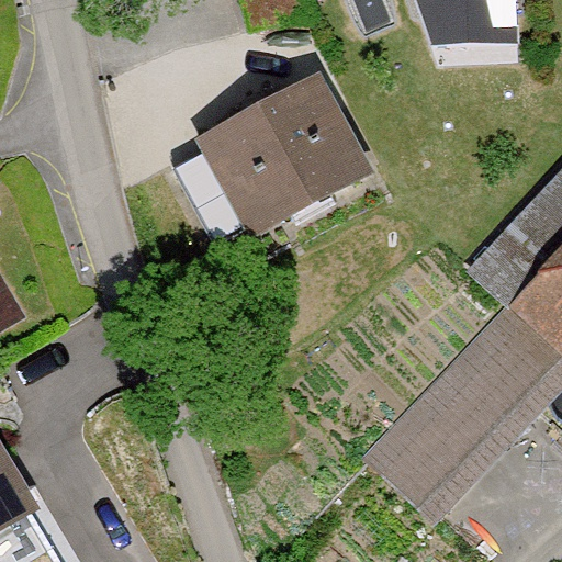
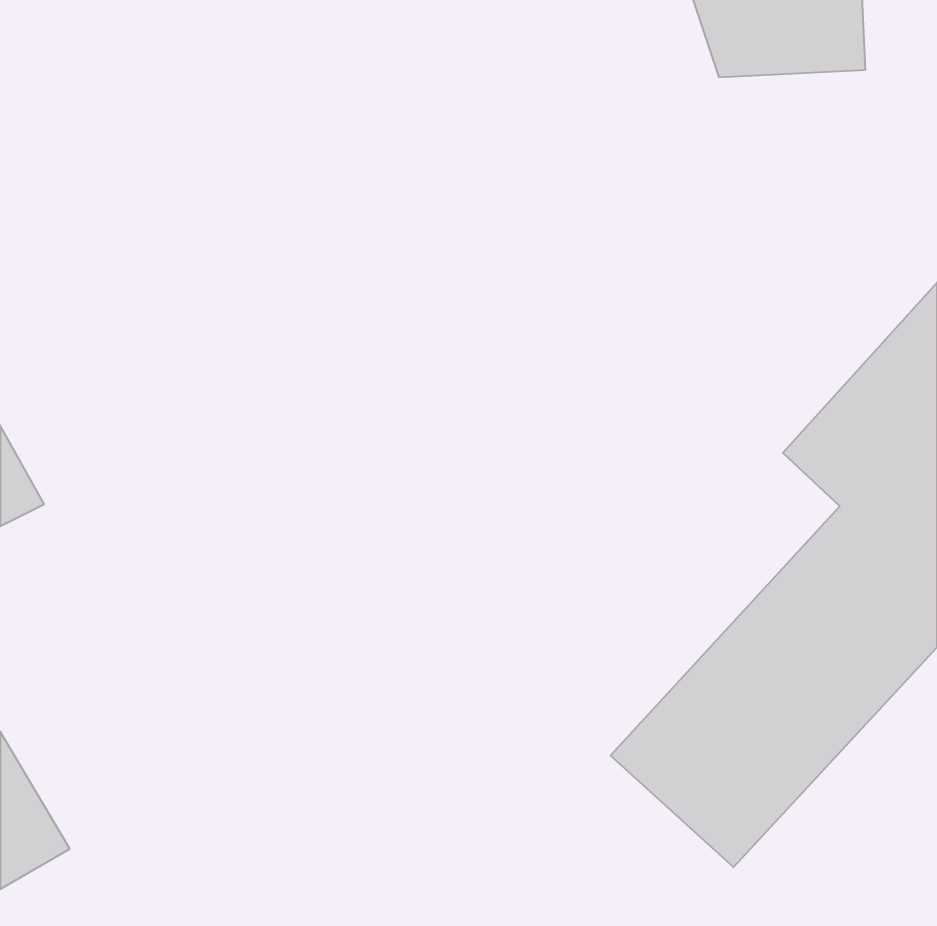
building: [193,72,375,243] -> none

